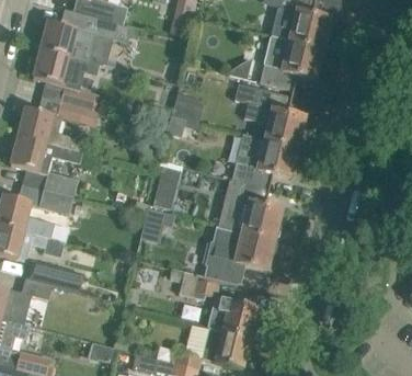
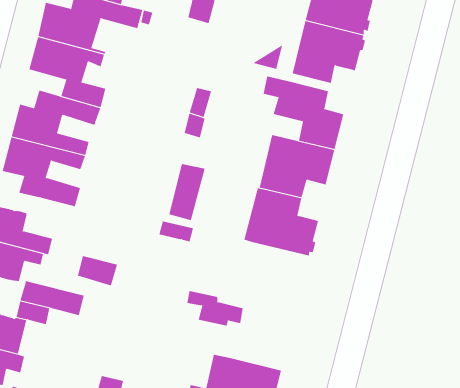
building: [38,187,73,214] -> [77,256,118,286]
building: [203,224,276,283] -> none
building: [207,295,258,337] -> none

